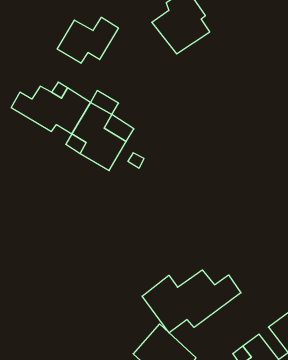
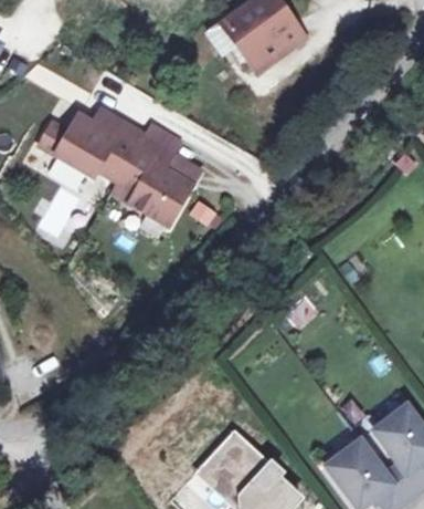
building: [57,17,118,63] -> none
building: [142,270,241,333] -> none

